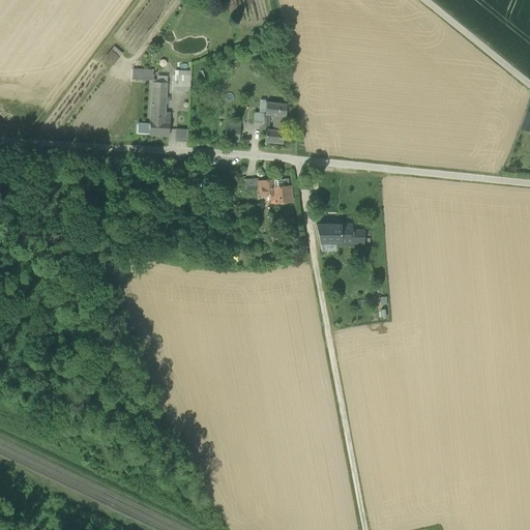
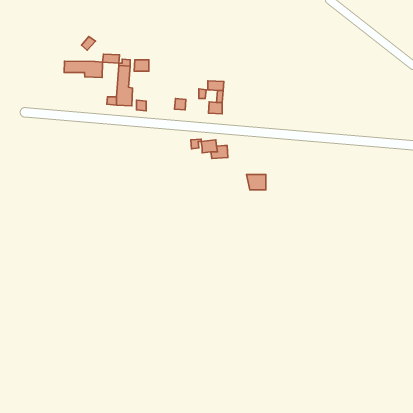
building: none -> [64,61,103,77]
building: [341,224,363,243] -> none

